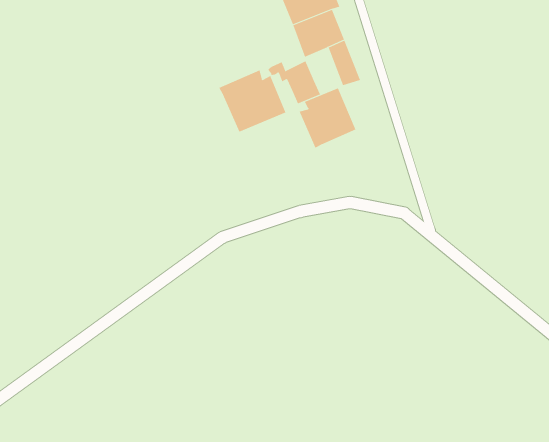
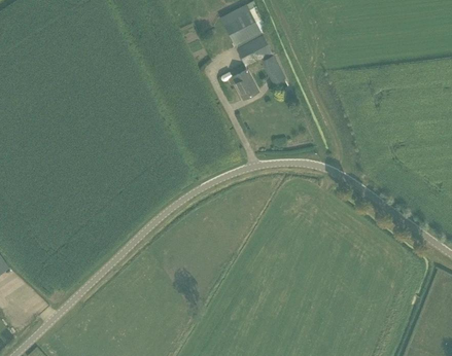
building: [218,69,286,133] -> none
building: [299,87,356,149] -> none

